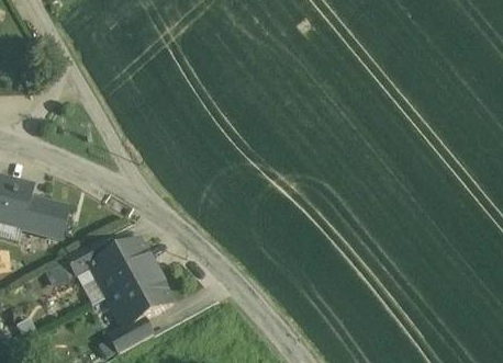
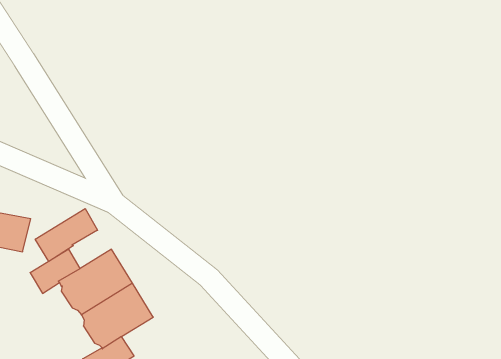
building: none -> [35,209,98,261]

